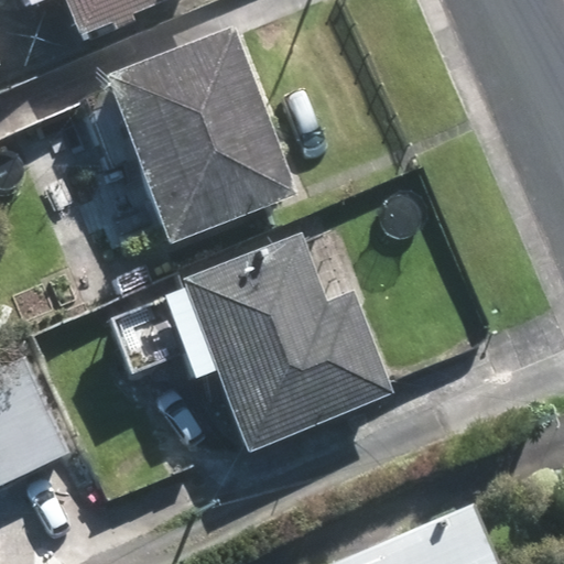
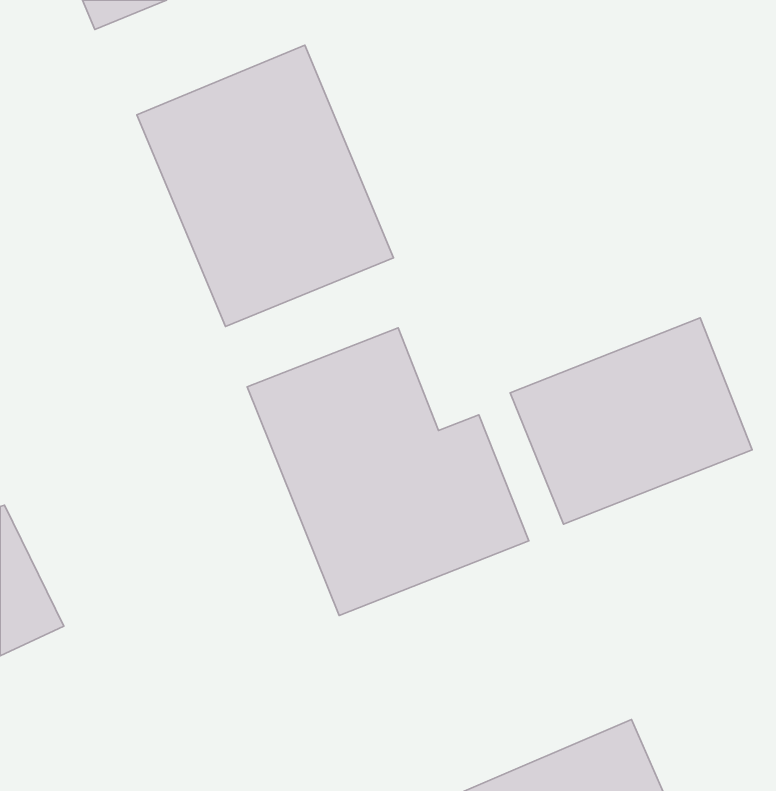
building: none -> [510,318,752,524]

